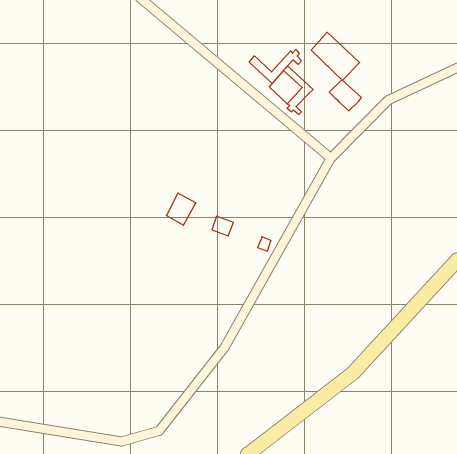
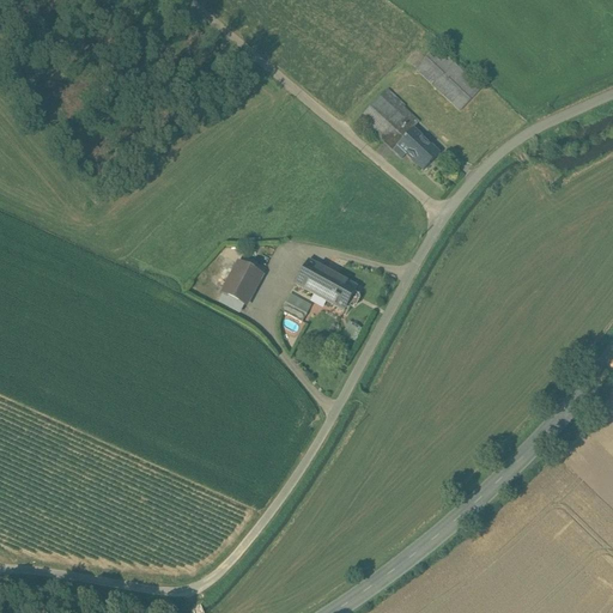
building: [249,50,301,83] -> none
building: [329,80,361,111] -> [396,126,439,168]
building: none -> [296,257,357,308]

